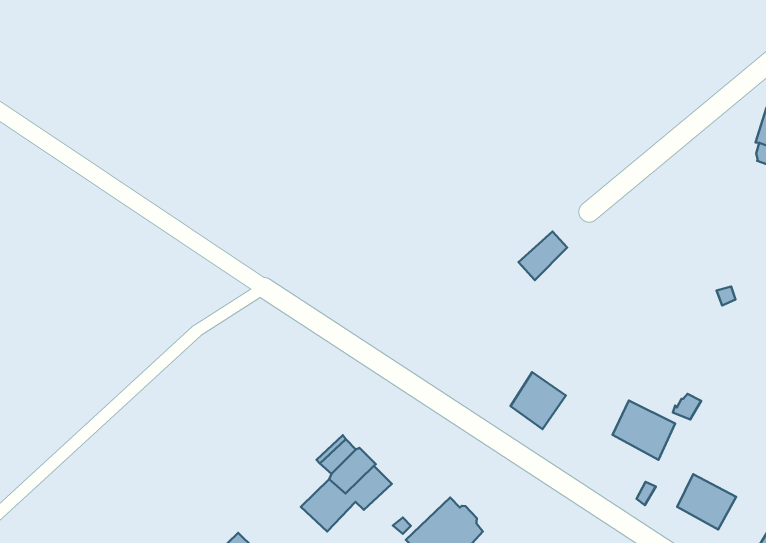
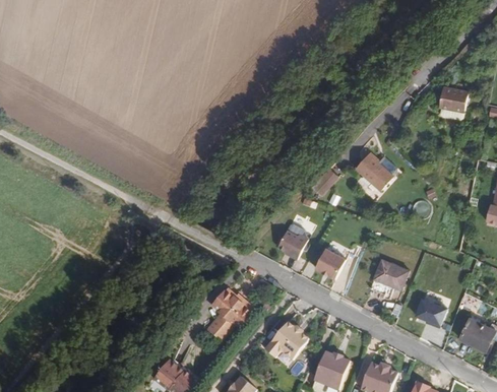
building: none -> [355,151,393,190]
building: none -> [275,228,308,258]

